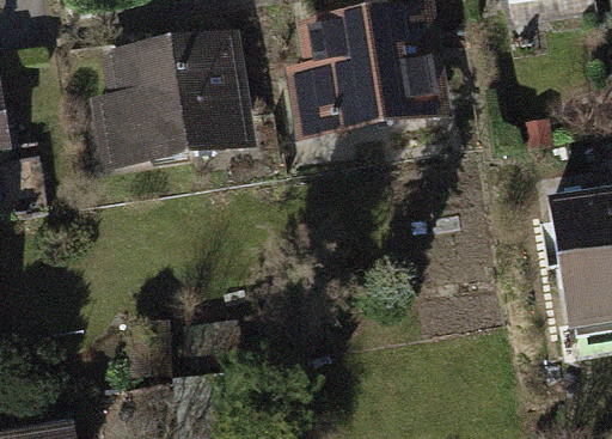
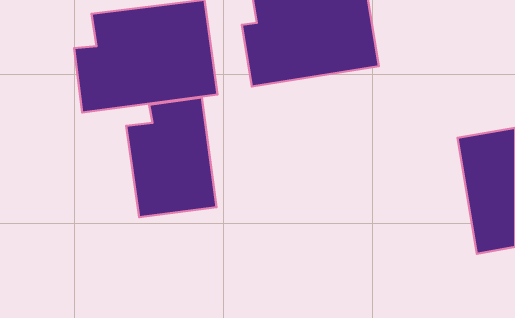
building: none -> [126,97,216,217]

